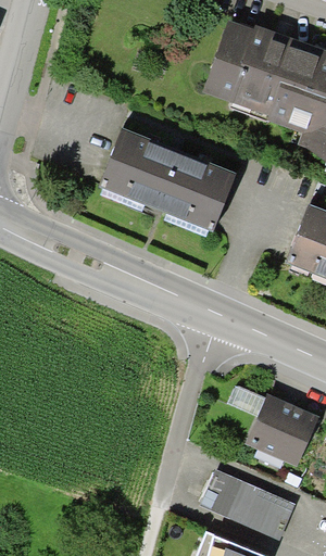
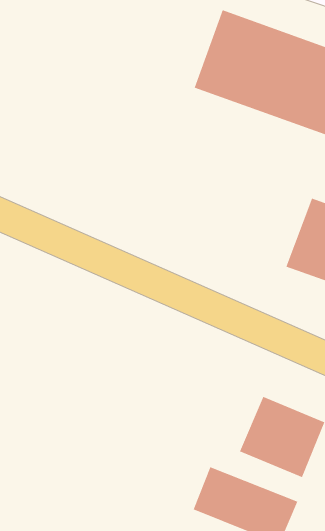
building: [102,123,247,235] -> none

